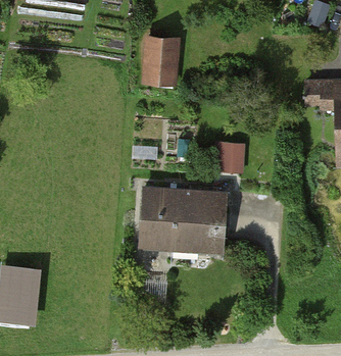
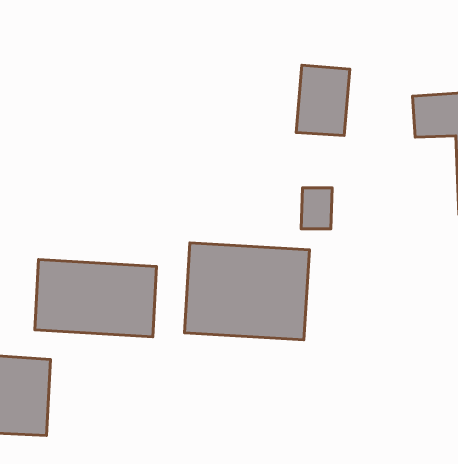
building: [141,36,180,87] -> [296,65,350,135]
building: none -> [35,260,157,337]

